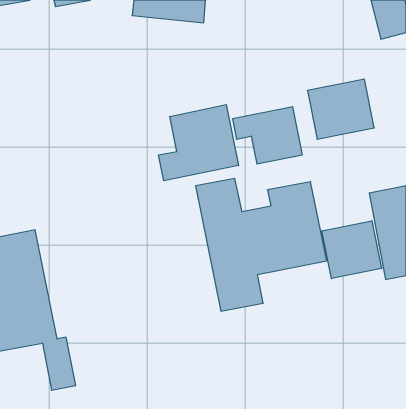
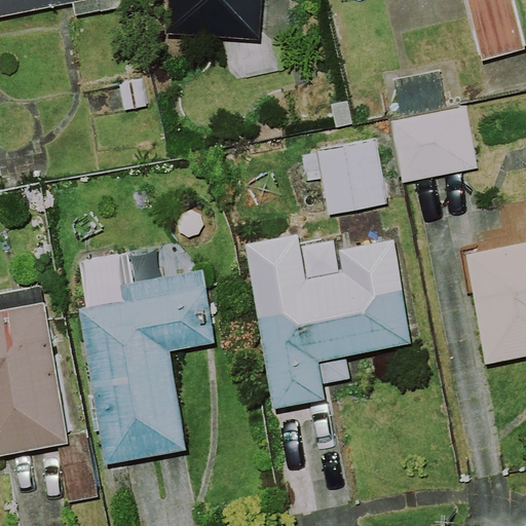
building: [159,105,239,181] -> none
building: none -> [73,255,218,461]
building: [322,221,382,279] -> none

